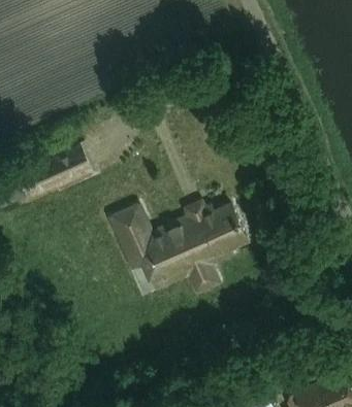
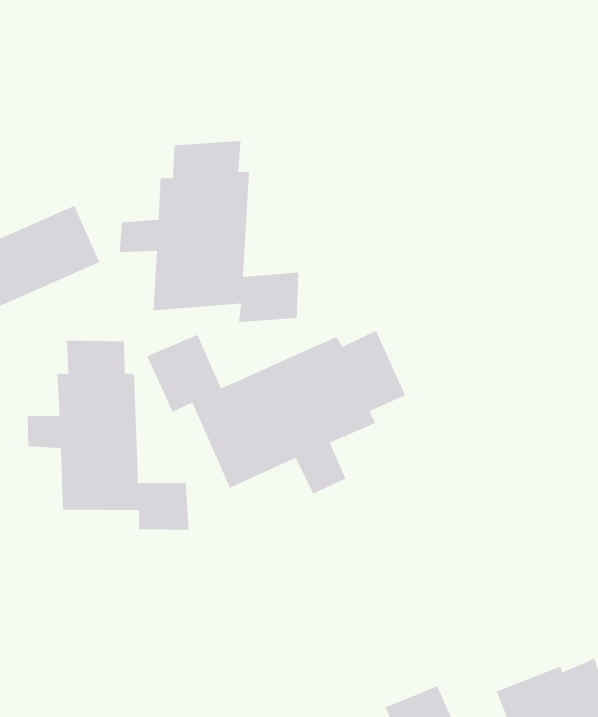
building: none -> [119,140,299,323]
building: none -> [27,340,189,530]

